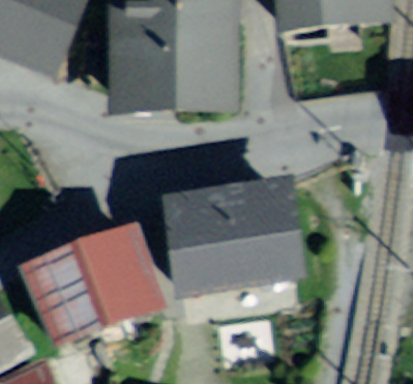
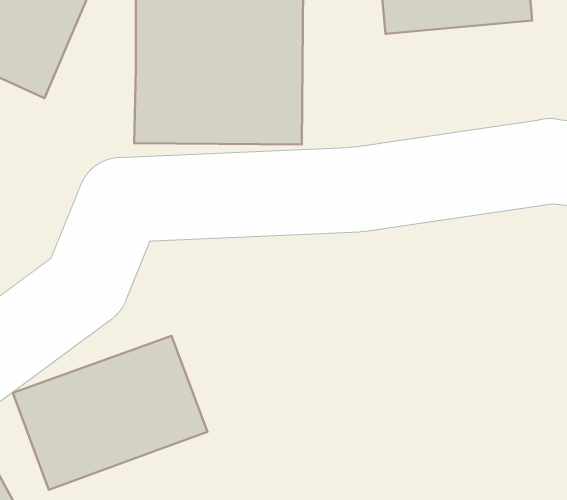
building: [159,187,284,294] -> none

